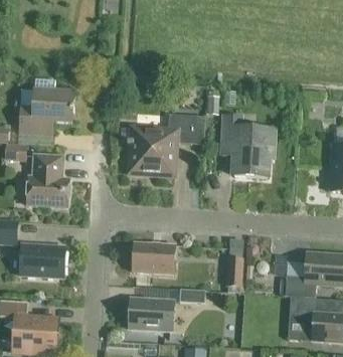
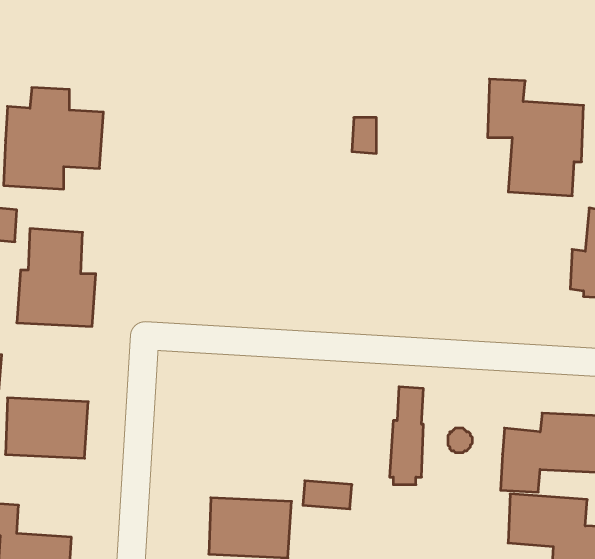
building: [128,114,205,175] -> none
building: [221,114,273,176] -> [488,79,584,196]
building: [132,241,191,275] -> none

